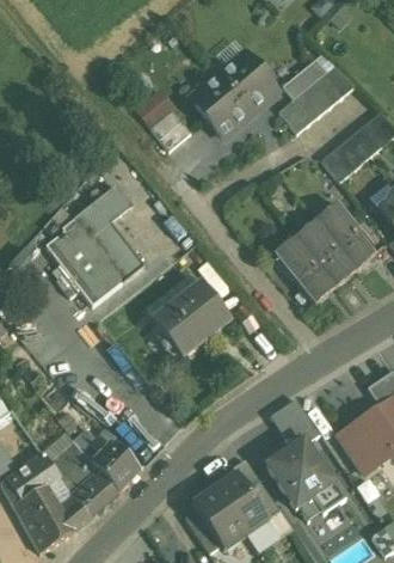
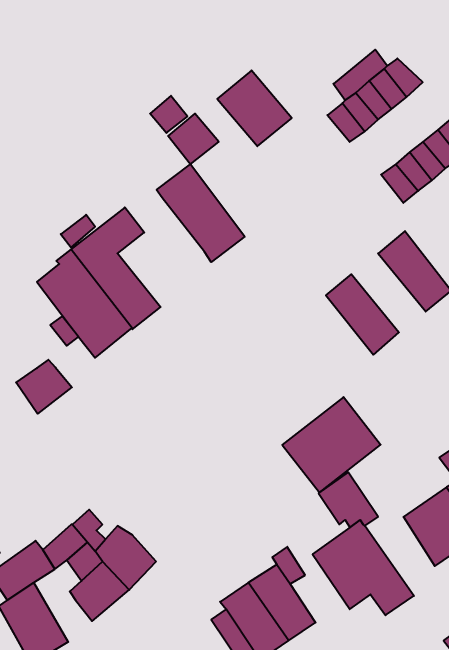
building: [216,53,276,114] -> none
building: none -> [157,164,245,262]
building: [296,222,356,286] -> none
building: [150,282,229,359] -> [282,397,381,492]
building: none -> [16,360,72,414]
building: [42,476,90,534] -> none

